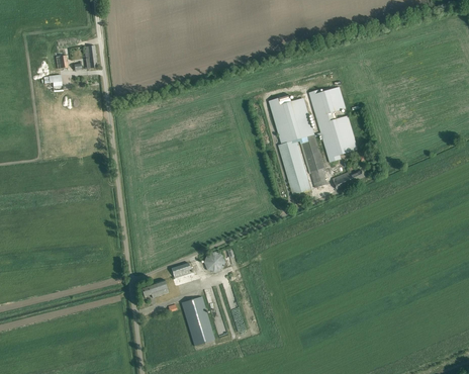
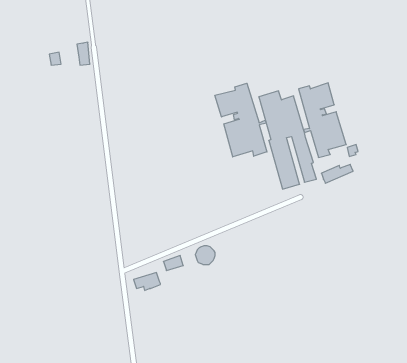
building: none -> [215,83,267,157]
building: [181,295,214,345] -> none

